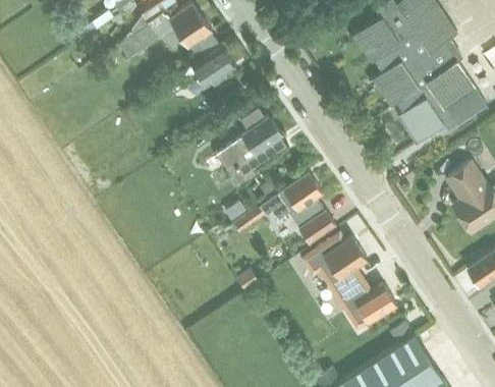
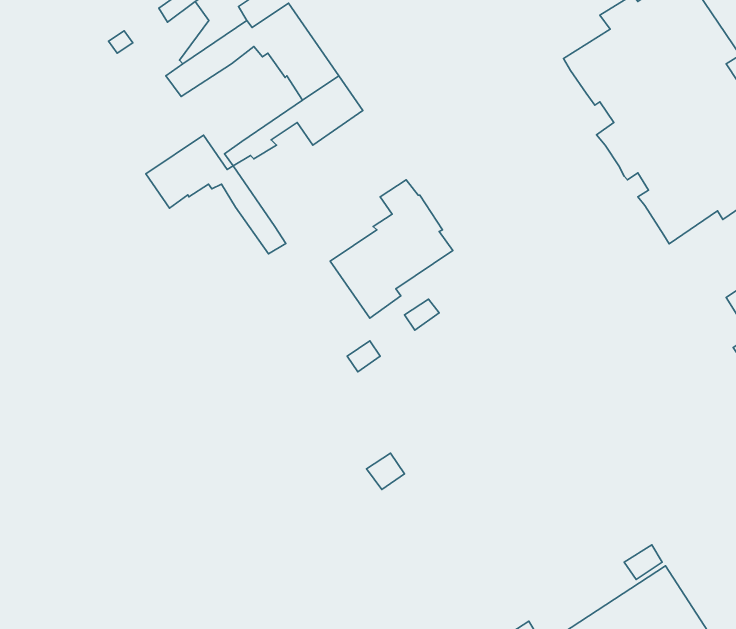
building: none -> [146,135,286,254]
building: [233,173,335,242] -> none
building: [300,232,396,332] -> none

